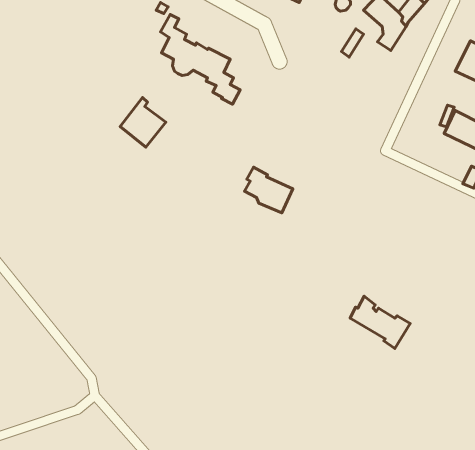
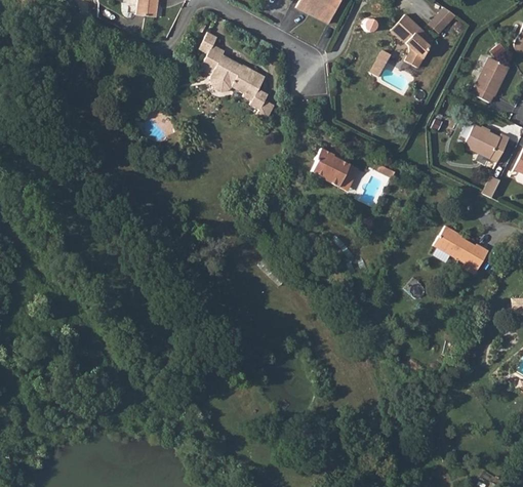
building: [120,98,166,147] -> none
building: [245,167,293,213] -> [313,145,358,188]
building: [350,296,410,349] -> [430,225,486,274]

